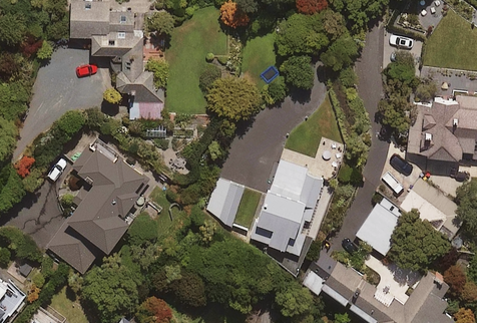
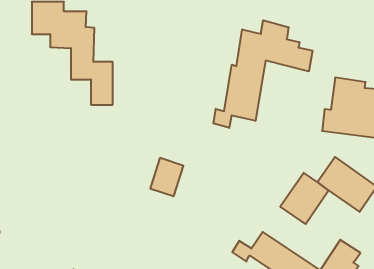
building: none -> [214,20,312,128]
building: [48,141,146,277] -> none
building: [250,164,326,255] -> none

